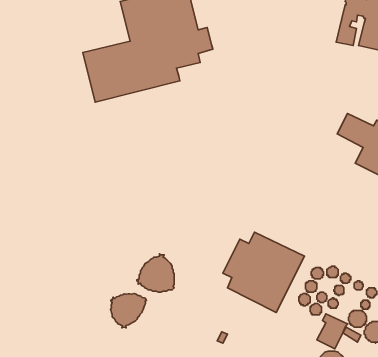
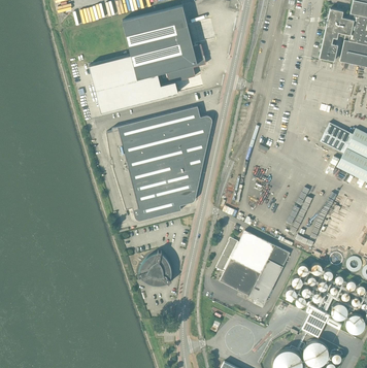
building: none -> [107,105,213,220]
building: [111,294,147,328] -> none

